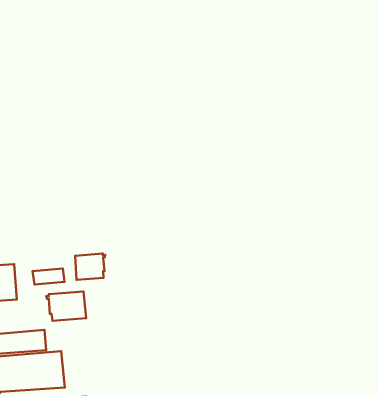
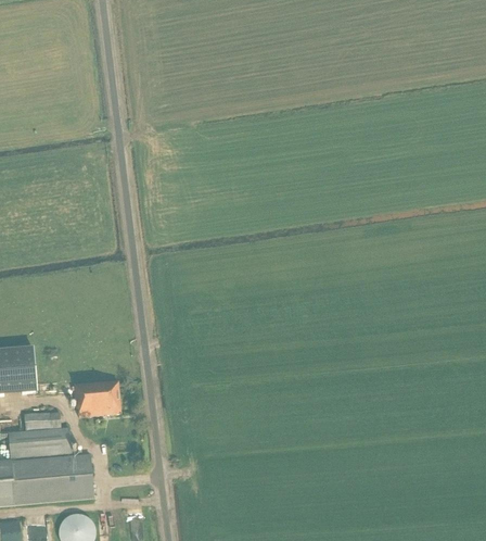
building: [75,254,105,280] -> none
building: [33,269,65,285] -> [23,410,62,429]

